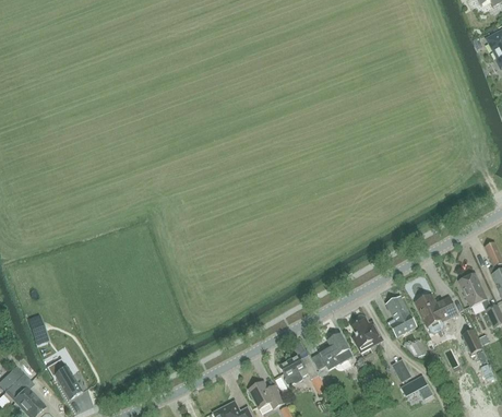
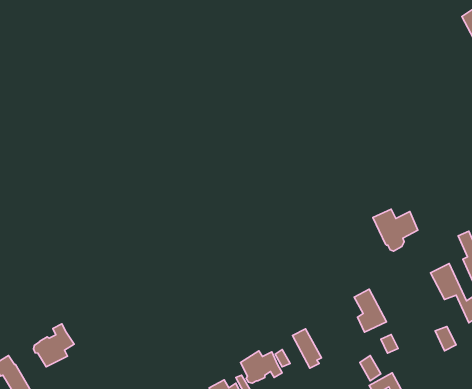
building: [415,294,457,333] -> [373,209,418,251]
building: [351,312,382,349] -> none
building: none -> [33,324,74,367]

